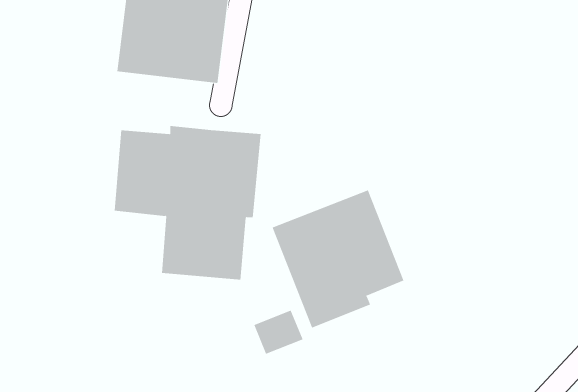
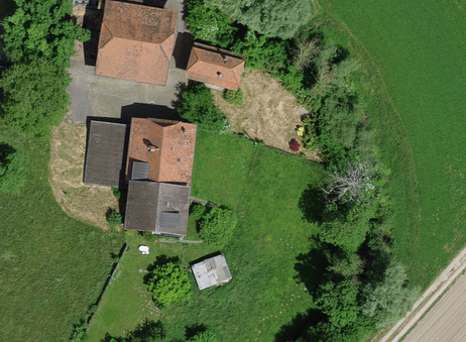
building: none -> [182,46,241,90]
building: [272,189,404,328] -> none

